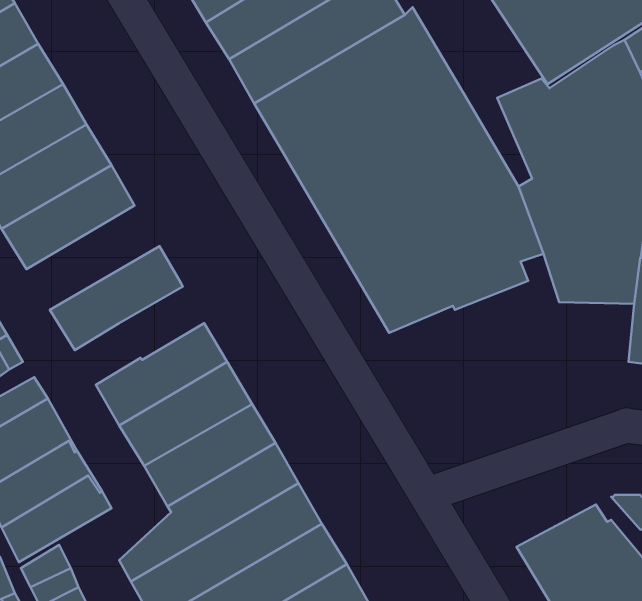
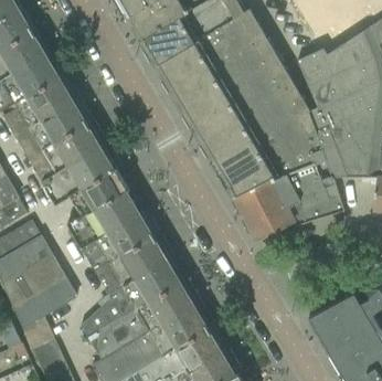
building: none -> [26,121,103,181]
building: none -> [233,149,342,236]
building: none -> [79,168,128,210]

